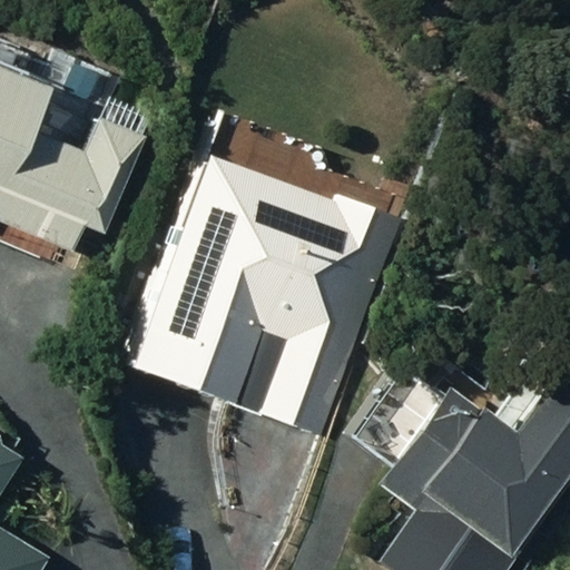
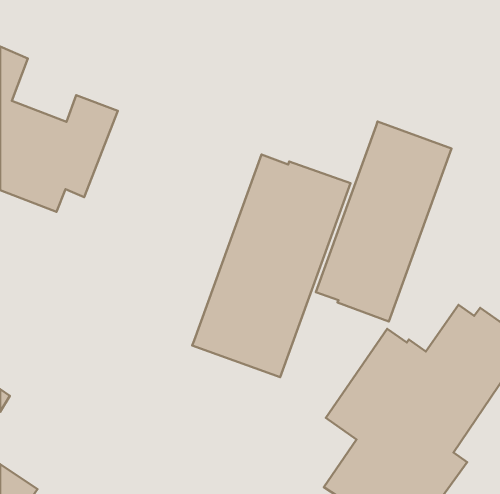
building: none -> [316,121,452,322]
building: [125,151,301,396] -> none

